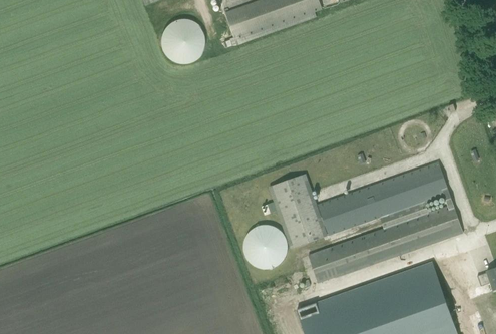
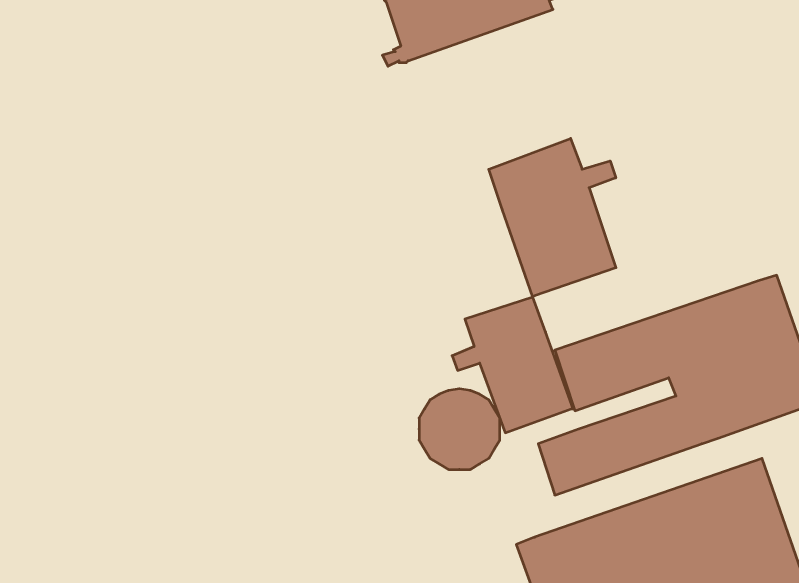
building: [164,18,203,62] -> none
building: none -> [489,138,616,297]

